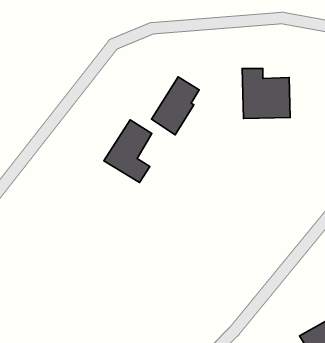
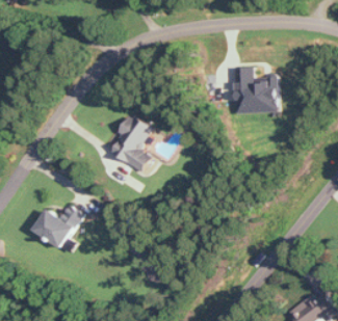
building: [152,77,199,135] -> none
building: none -> [31,205,82,248]

